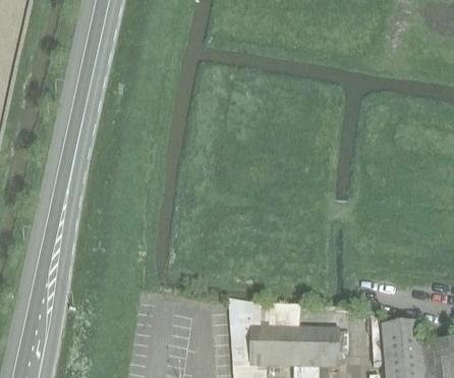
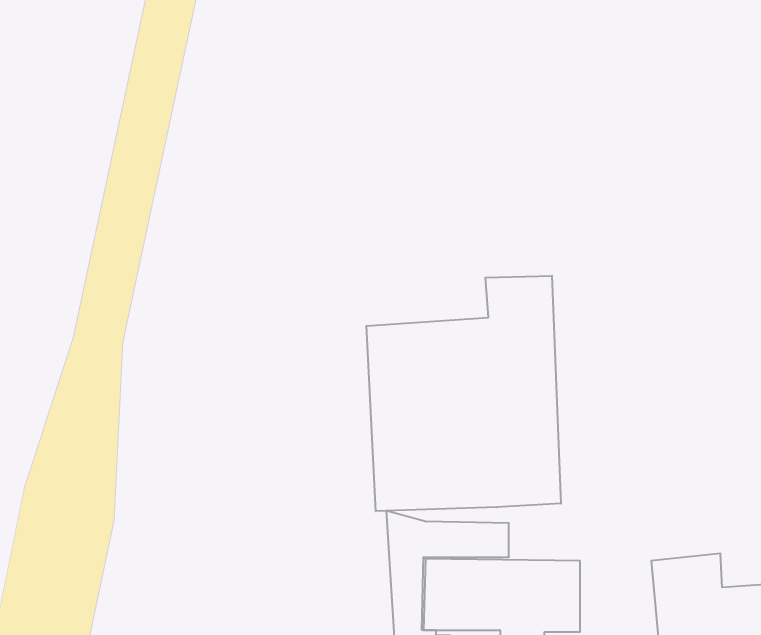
building: none -> [366,276,561,511]

